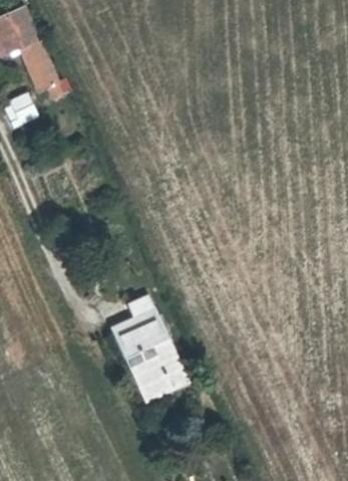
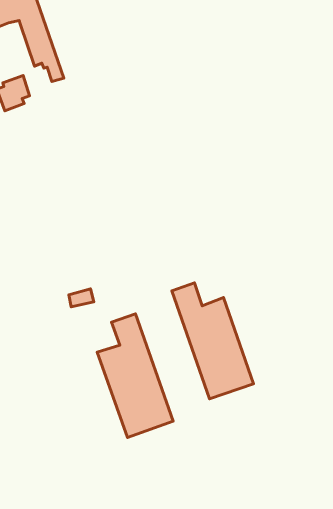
building: none -> [172,283,253,399]

